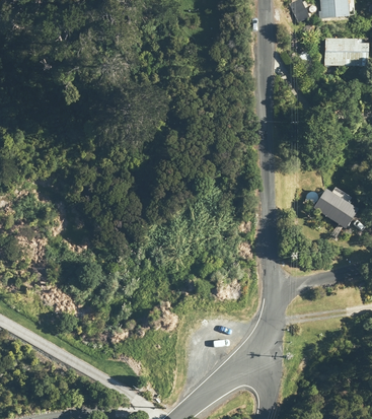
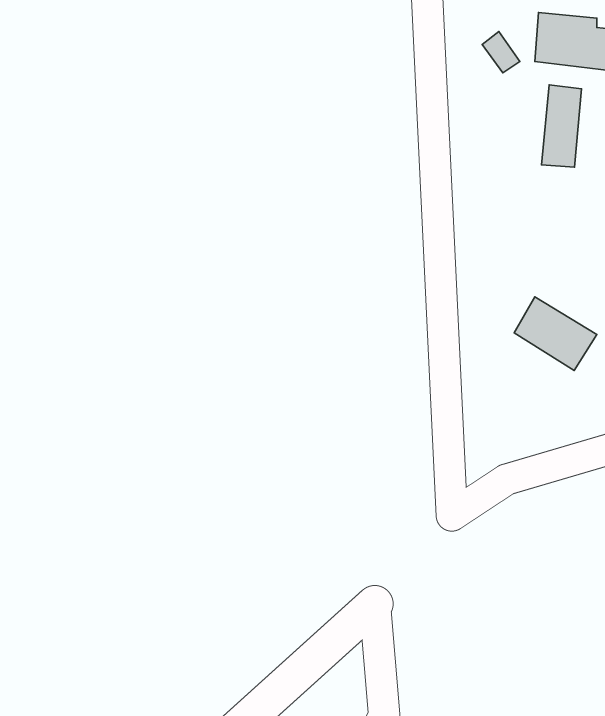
building: none -> [541,85,581,167]

